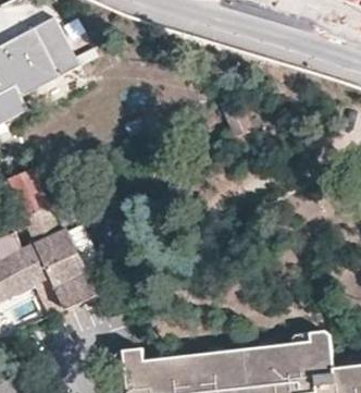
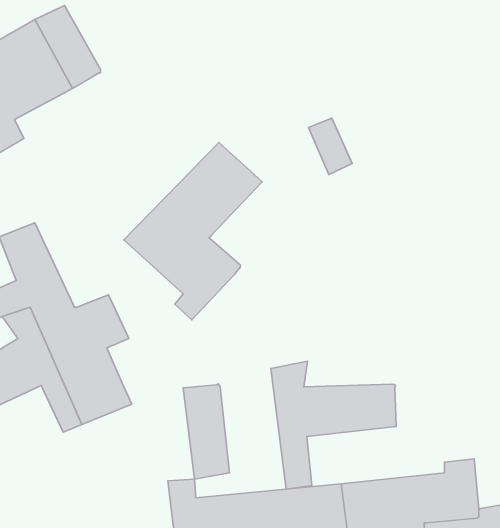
building: none -> [124,143,262,320]
building: none -> [271,361,396,489]
building: none -> [183,384,229,479]

